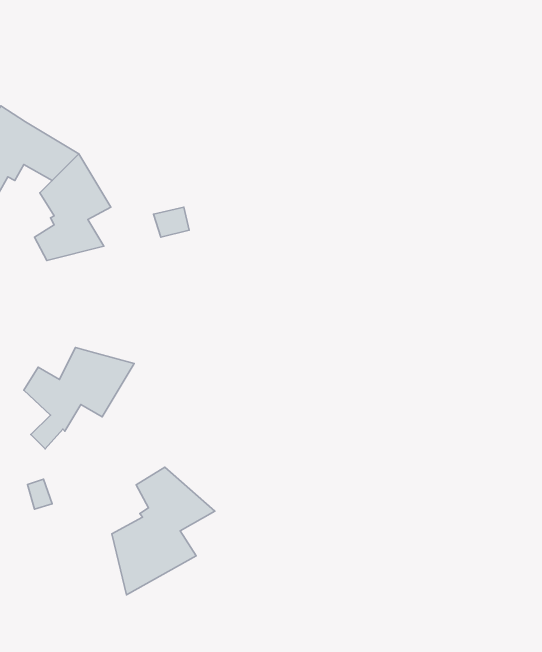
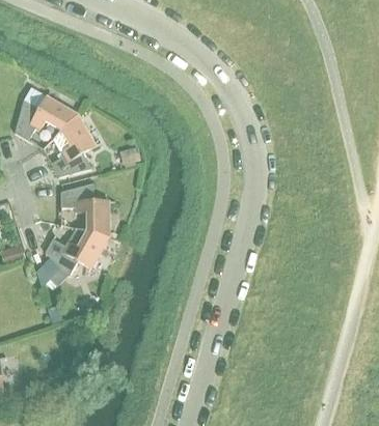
building: none -> [59,182,108,236]
building: [112,467,215,595] -> none

